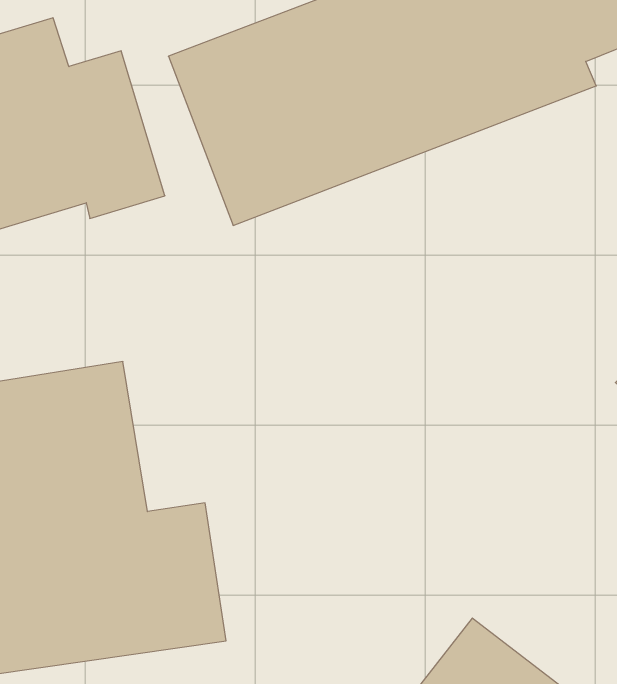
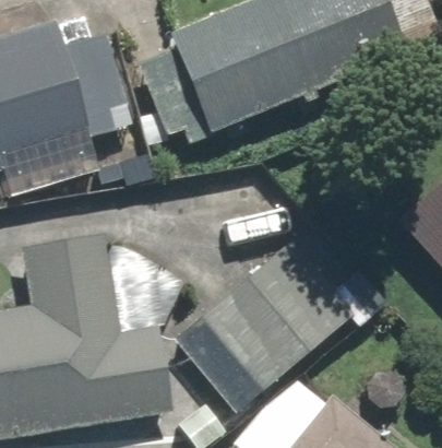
building: none -> [191,239,357,398]

